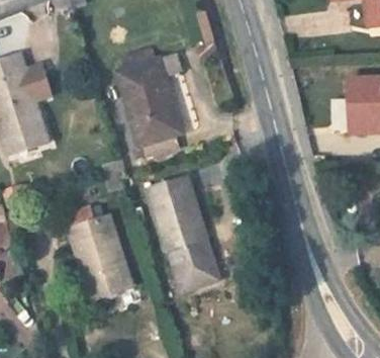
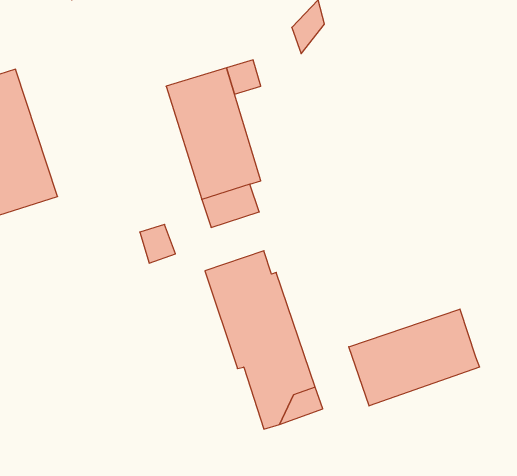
building: none -> [349,309,479,406]
building: [69,212,133,297] -> none

